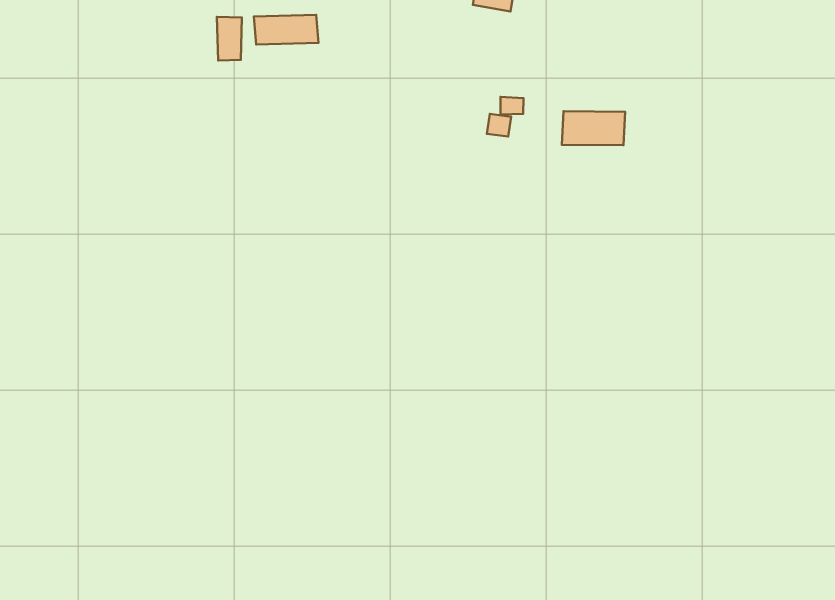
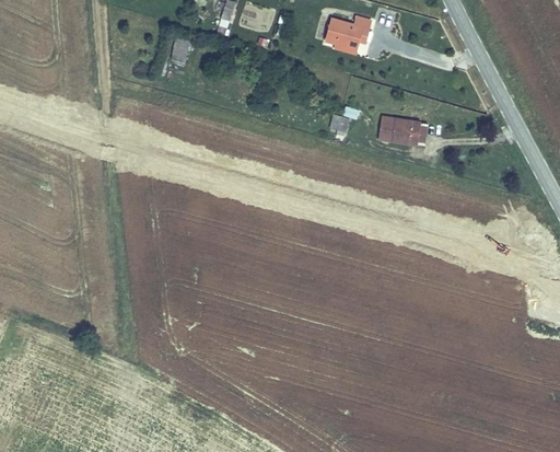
building: [254,15,318,44] -> none

